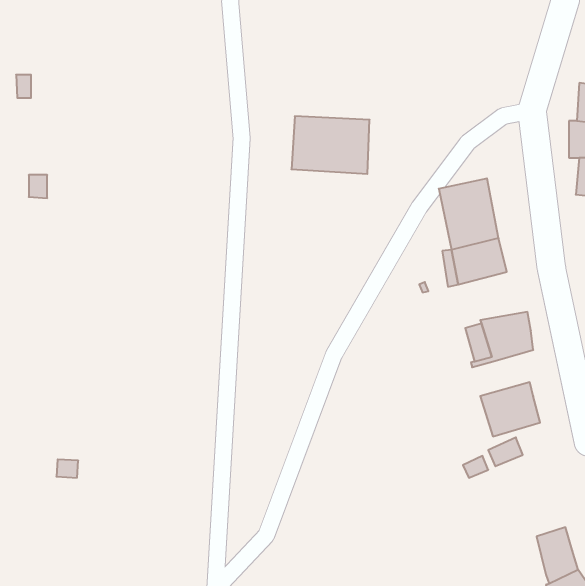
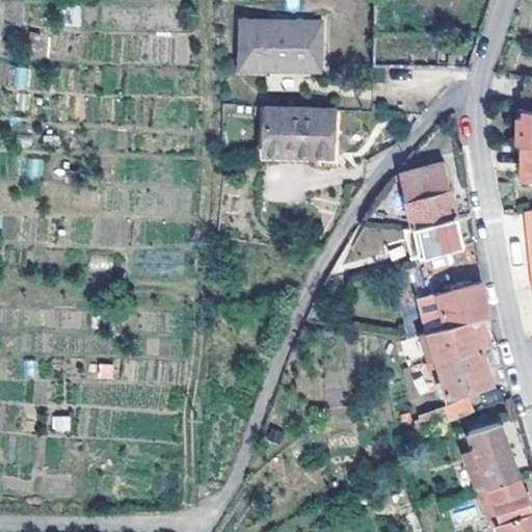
building: none -> [241,22,320,71]
building: none -> [419,320,486,363]
building: none -> [474,423,513,488]

